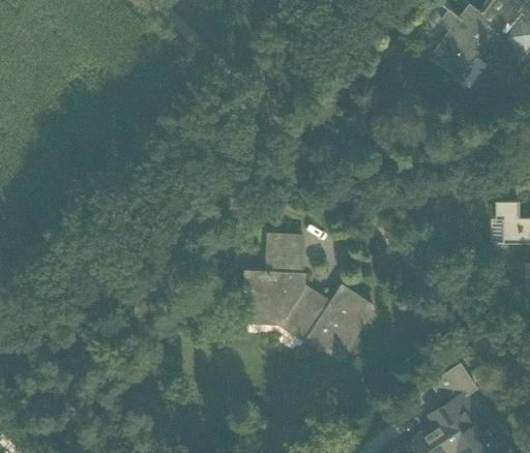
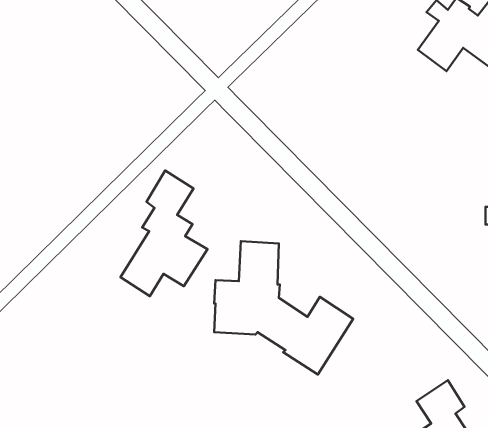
building: none -> [120,170,207,296]

